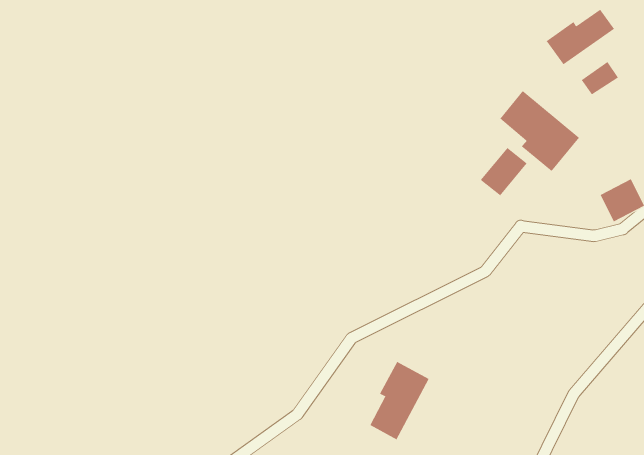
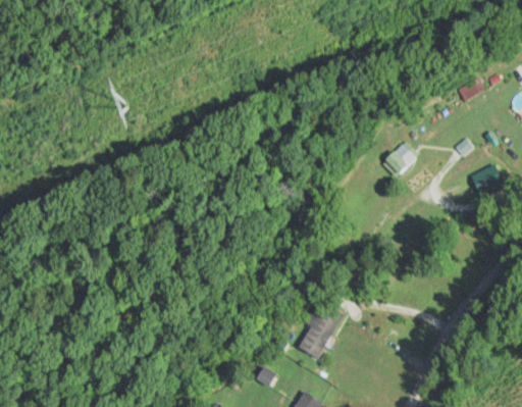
building: [546,9,615,65] -> none
building: [499,90,580,172] -> none

